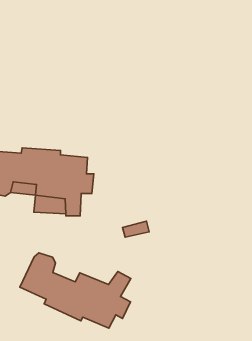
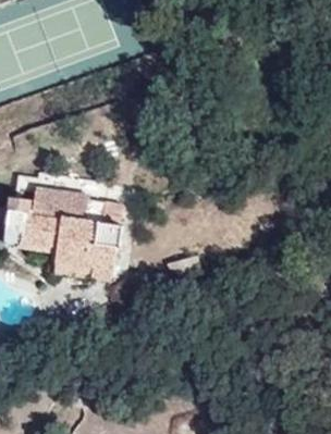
building: [20,253,131,328] -> none

